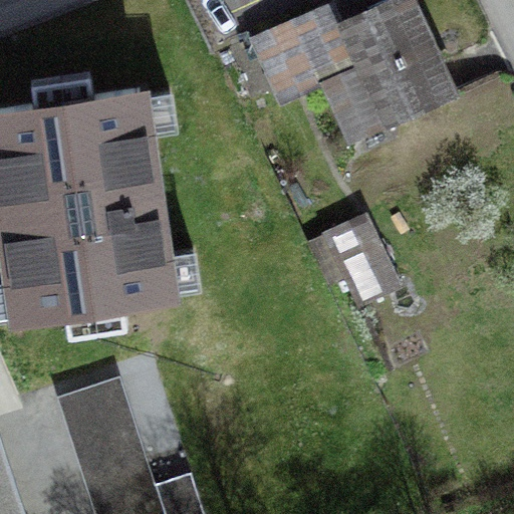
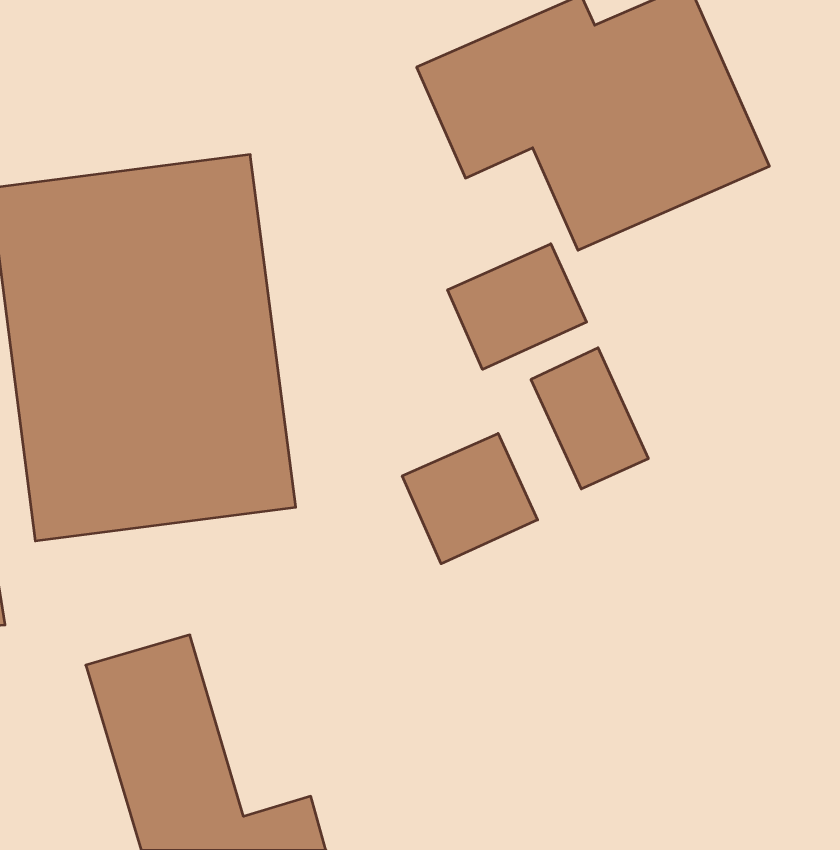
building: none -> [448,244,587,369]
building: none -> [402,433,538,564]

